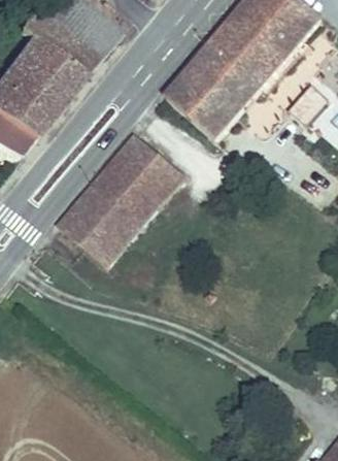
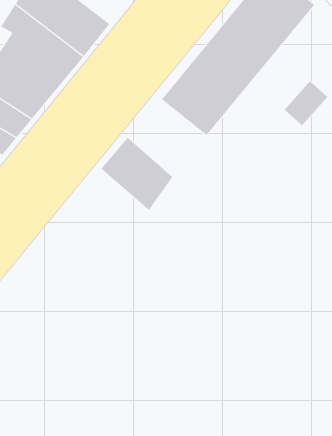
building: [60,167,157,269] -> none

